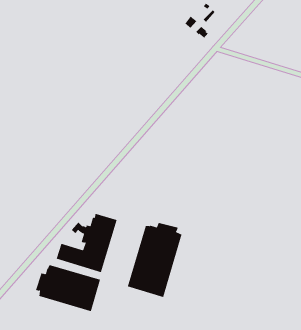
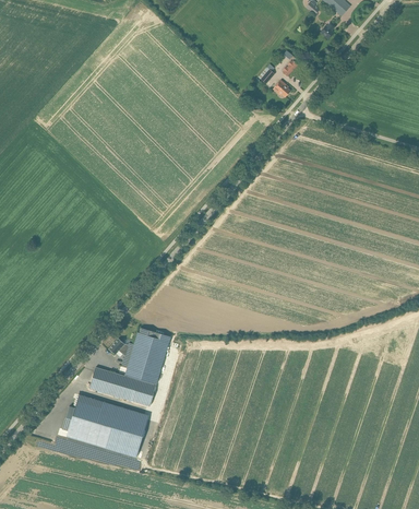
building: [127,222,182,298] -> none

